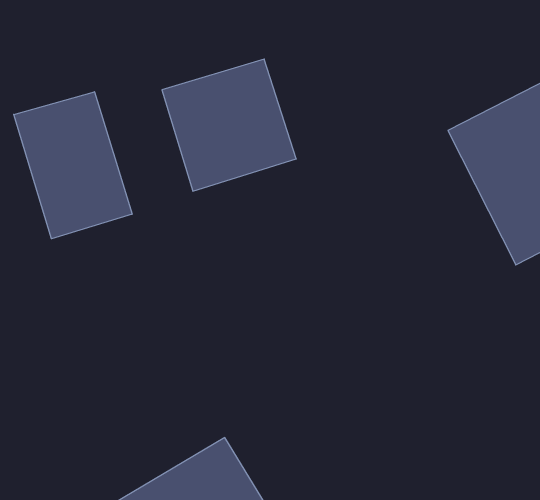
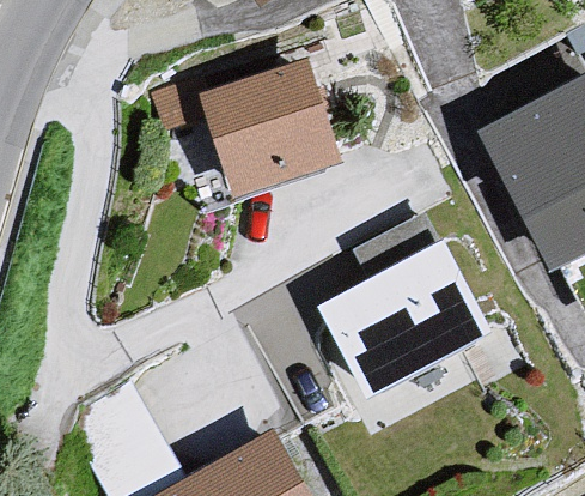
building: [14,92,132,239] -> none
building: none -> [324,248,486,392]

